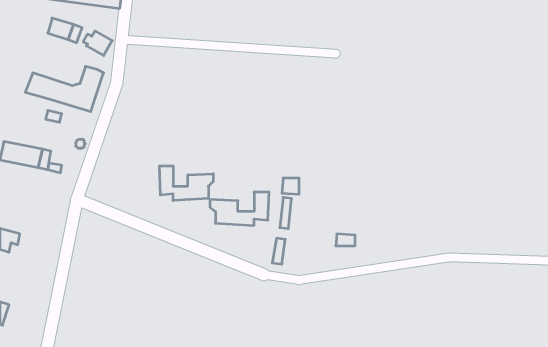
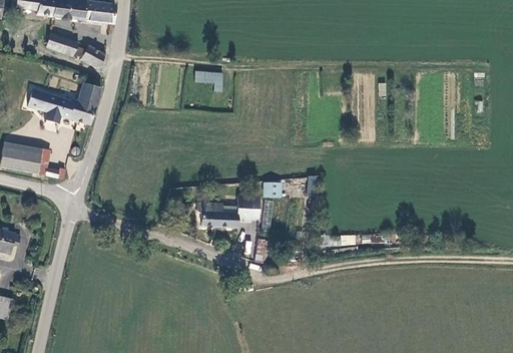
building: none -> [194,71,223,91]
building: [159,166,213,201] -> none

